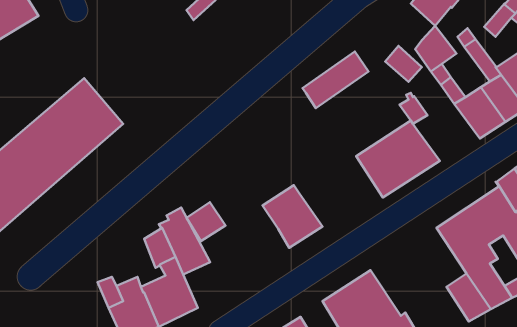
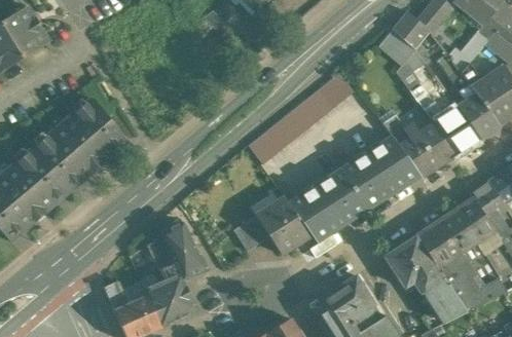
building: [385,46,422,82] -> [380,31,414,64]
building: none -> [247,112,308,163]
building: none -> [399,127,451,177]
building: none -> [289,171,366,241]
building: [186,202,226,241] -> [233,216,269,252]
building: none -> [385,236,443,293]

